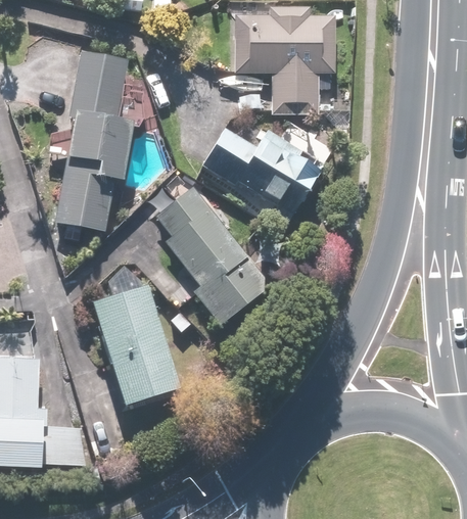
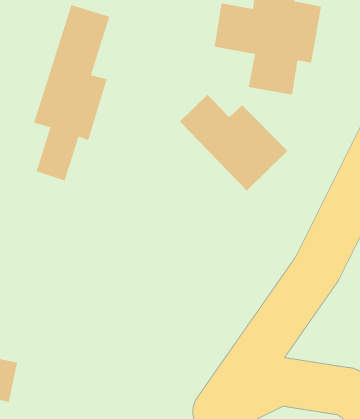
building: [150,189,269,318] -> none
building: [91,285,172,408] -> none

